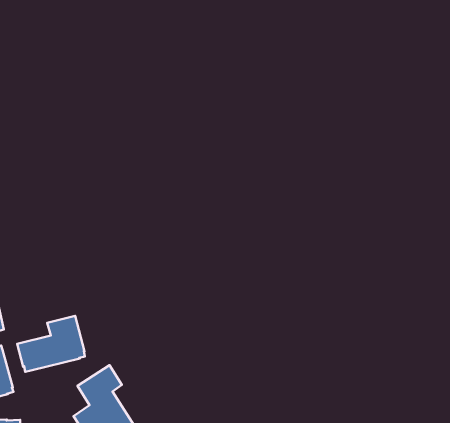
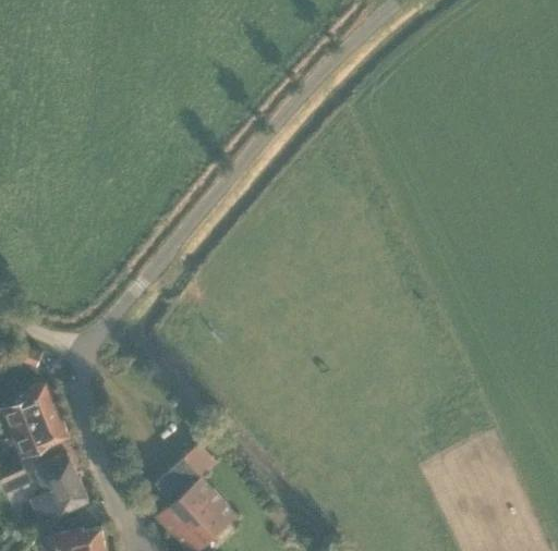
building: [17,316,85,372] -> none

